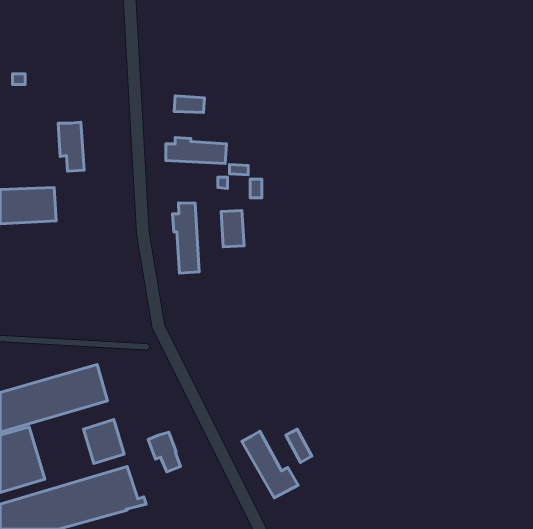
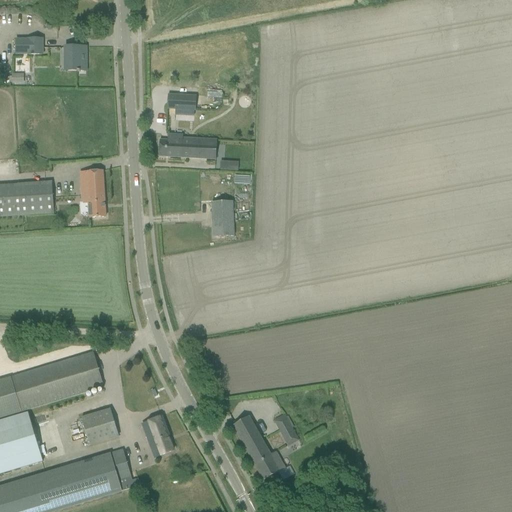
building: none -> [15,35,43,53]
building: none -> [65,45,86,69]
building: [58,122,84,171] -> [80,169,105,216]
building: [173,203,199,273] -> none

